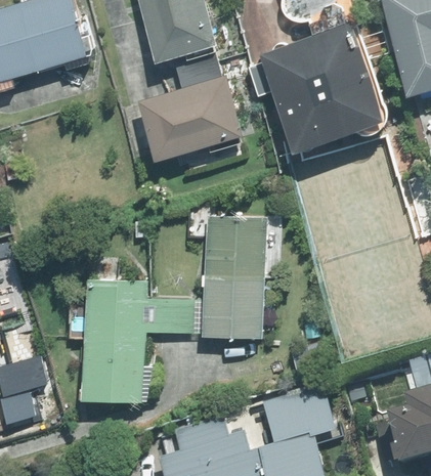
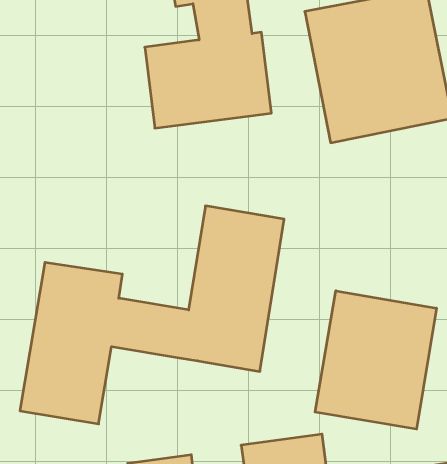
building: none -> [315,291,436,429]

